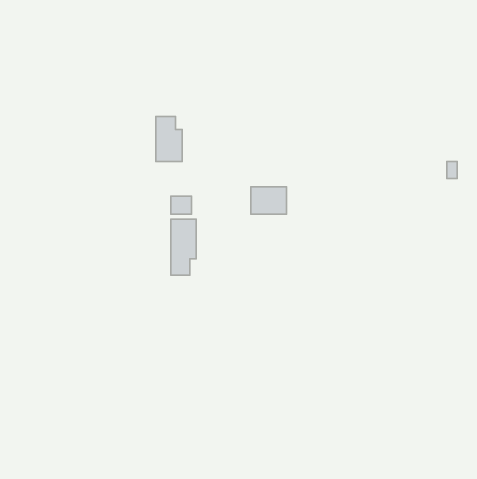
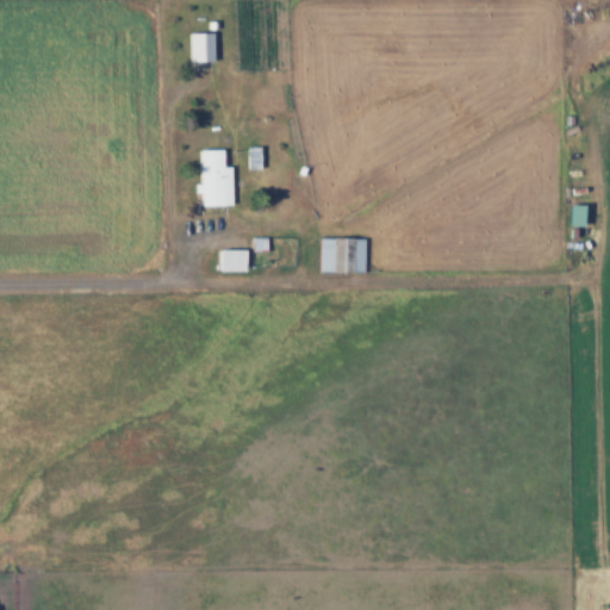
building: none -> [192,32,216,67]
building: [171,219,196,275] -> none

